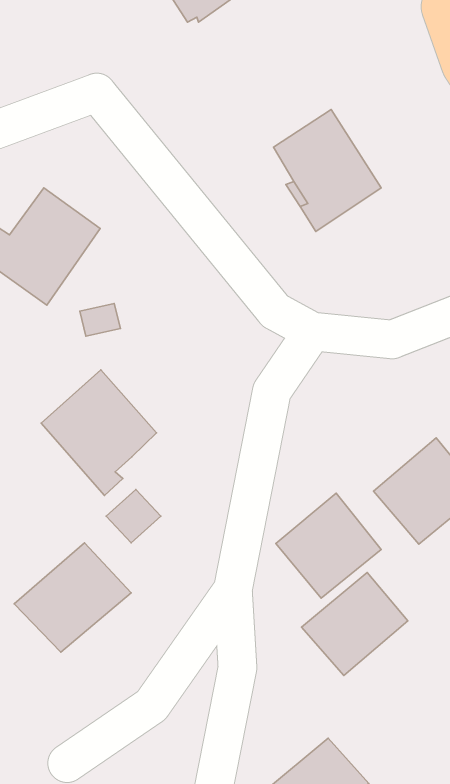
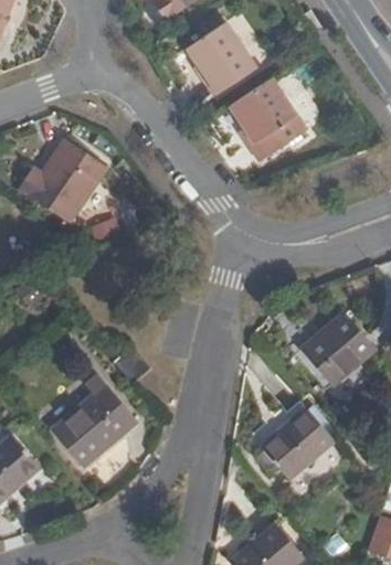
building: none -> [191,24,261,96]
building: [41,370,156,496] -> none
building: [276,493,381,598] -> none

